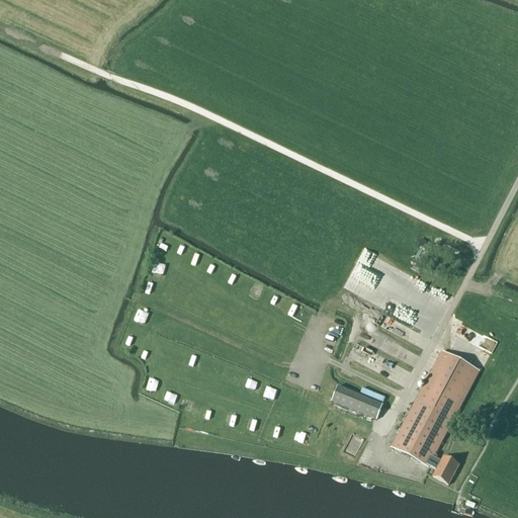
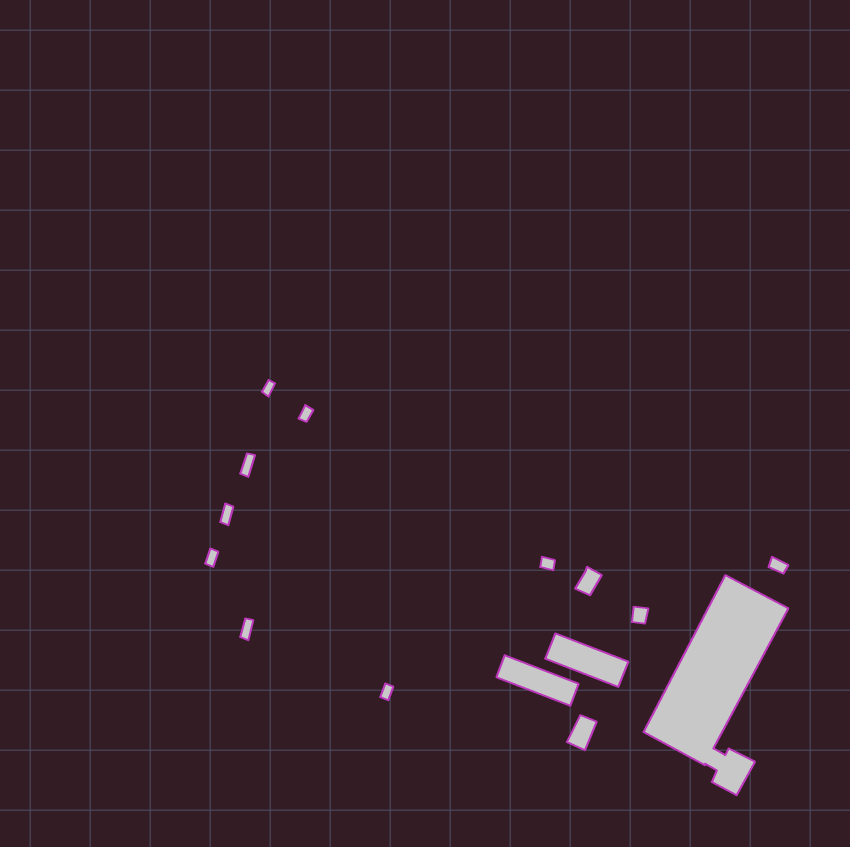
building: none -> [497,655,578,706]

